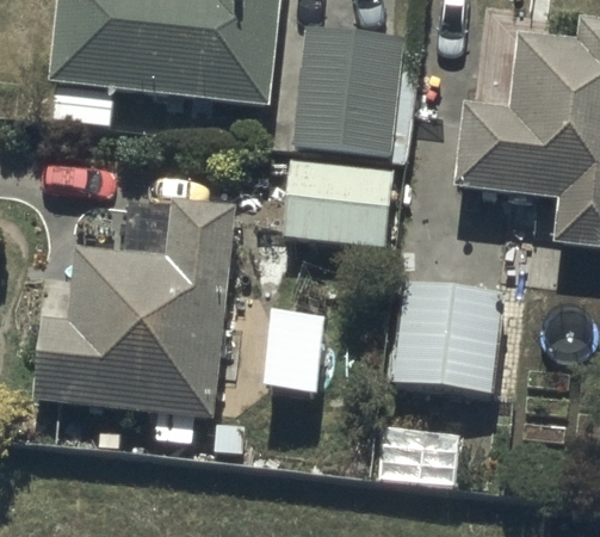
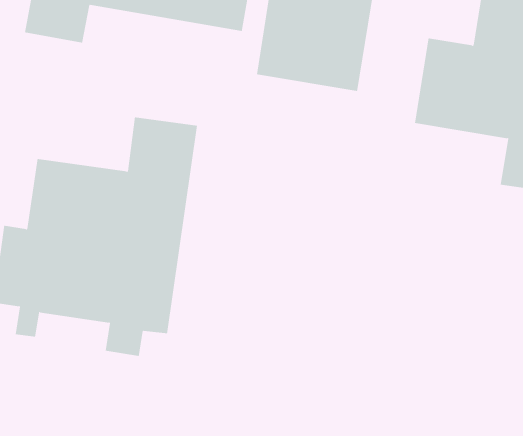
building: [280,161,394,247] -> none
building: [389,278,503,391] -> none

